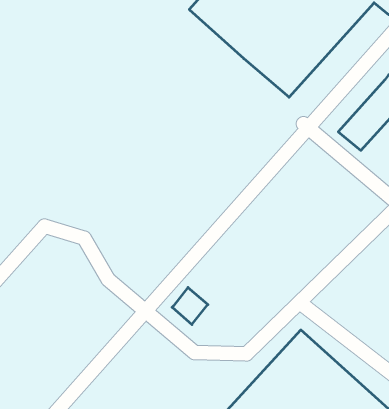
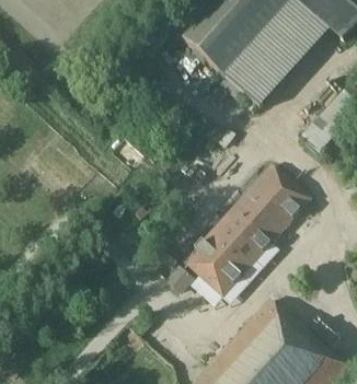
building: none -> [182,164,312,300]

